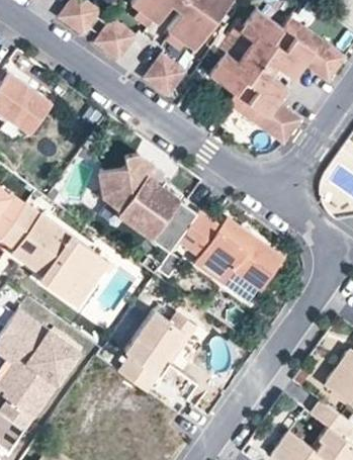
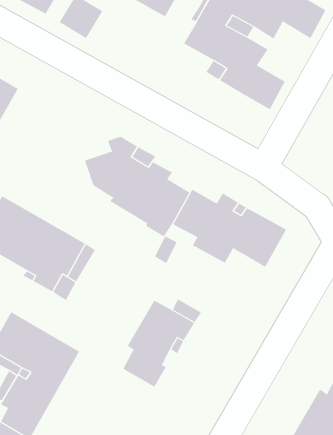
building: [143,55,184,97] -> none

